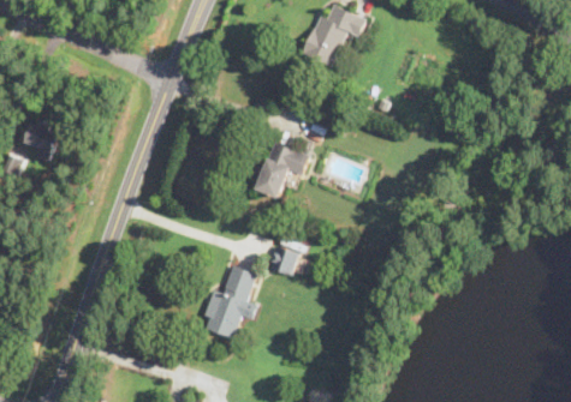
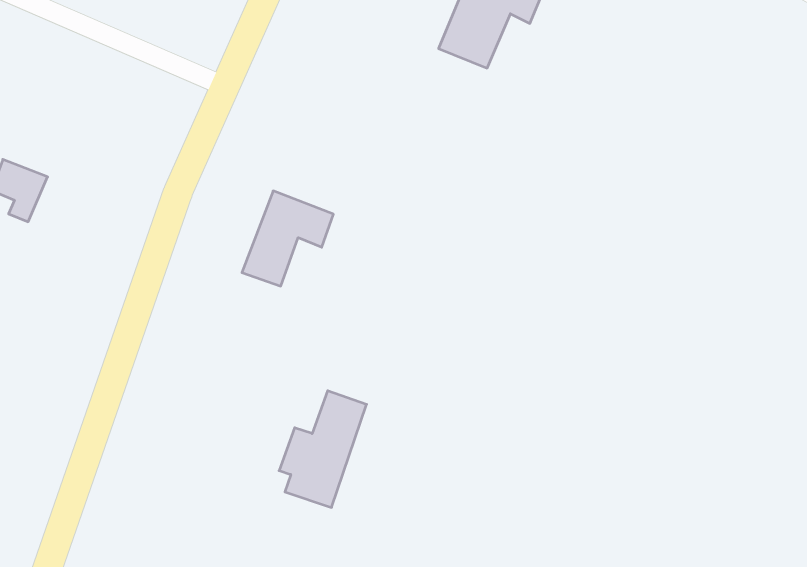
building: [252,140,309,199] -> [242,191,333,286]
building: [267,245,308,280] -> none

